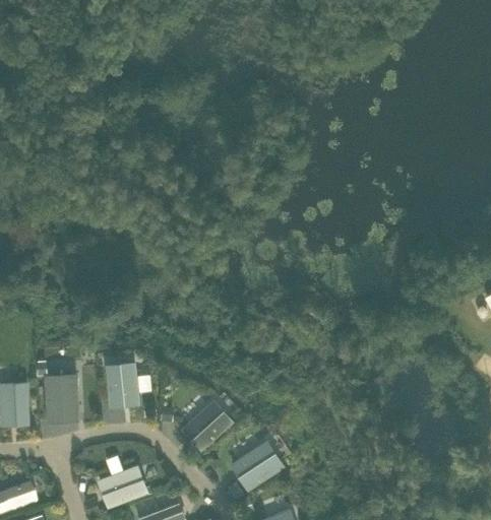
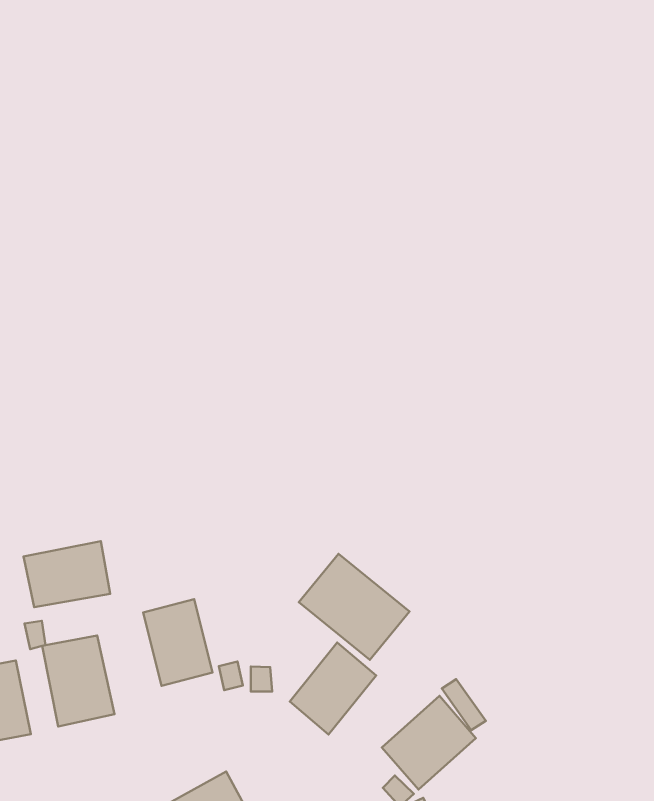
building: none -> [23,541,110,607]
building: none -> [299,554,410,660]

